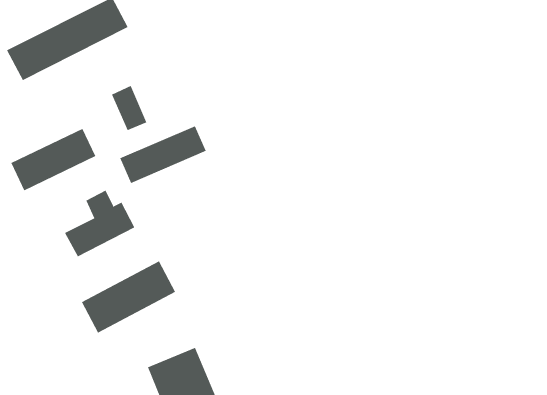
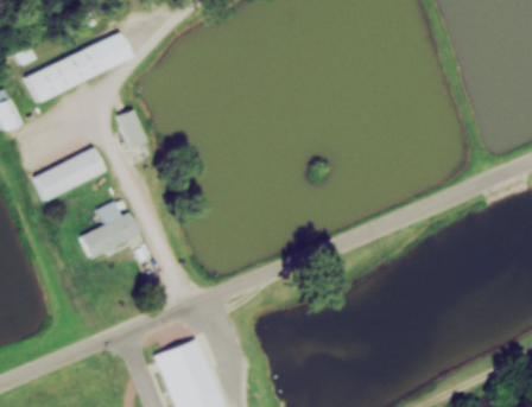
building: [120,125,206,184] -> none
building: [81,261,176,333] -> none

